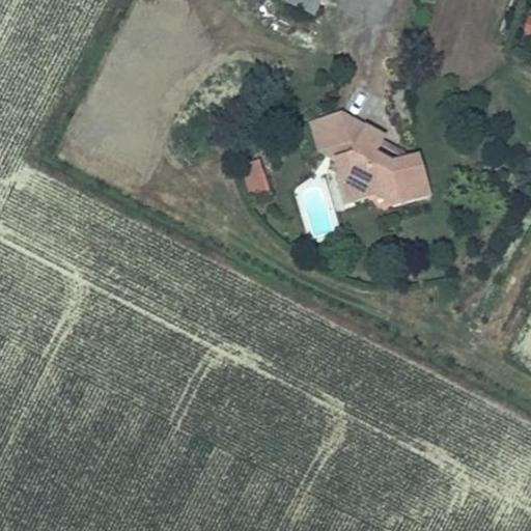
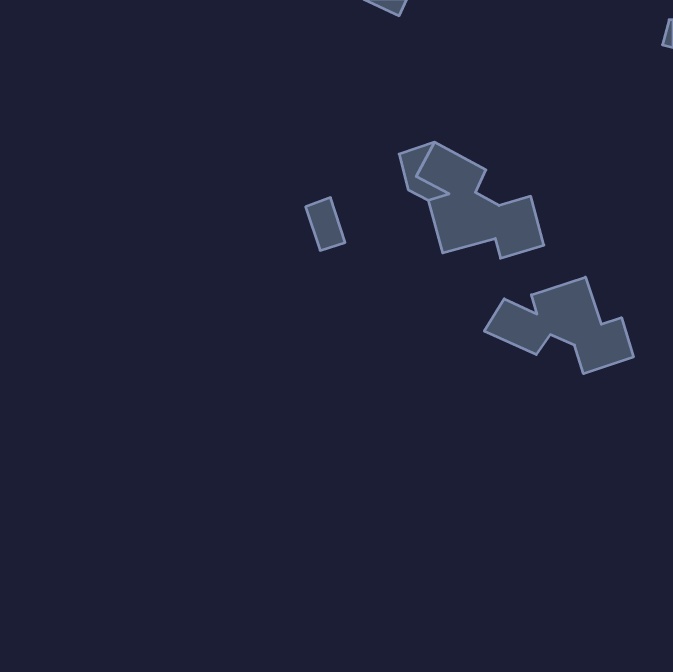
building: none -> [484,277,633,374]

